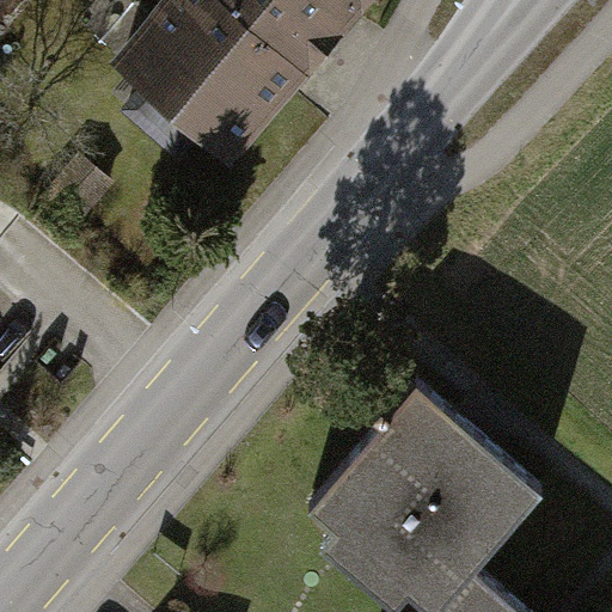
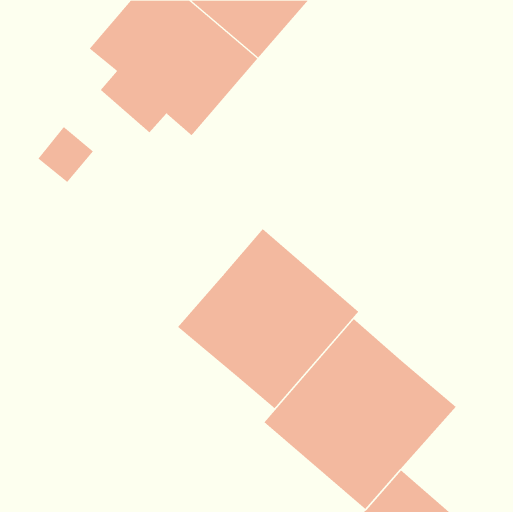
building: none -> [177,228,359,409]

